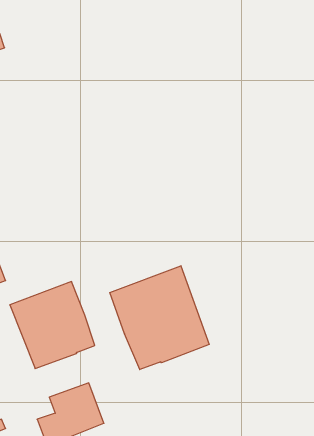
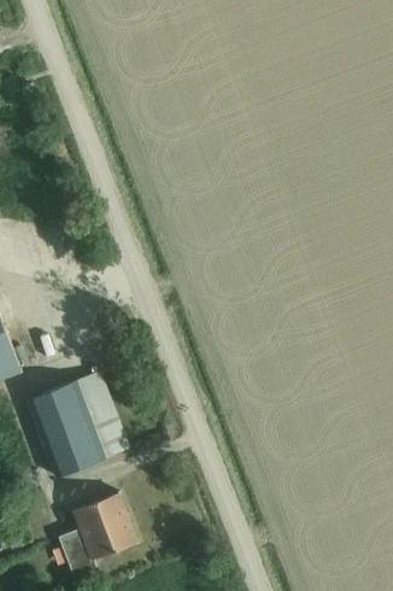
building: [110,266,209,370] -> none

